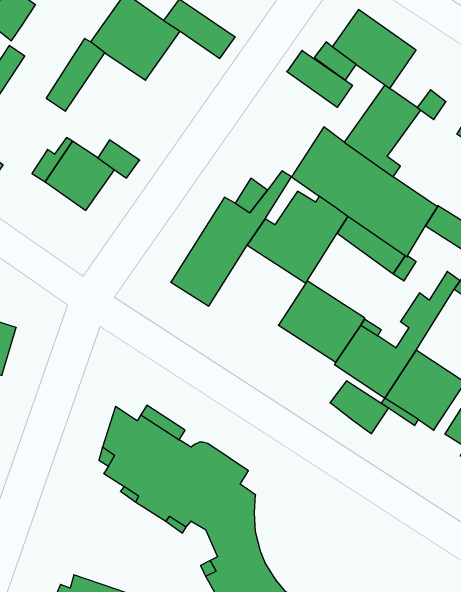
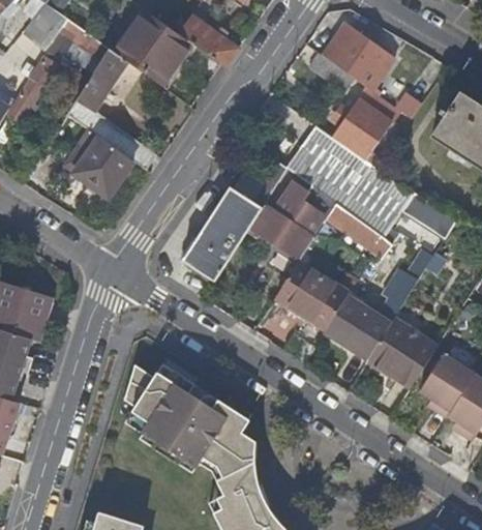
building: none -> [55,20,109,66]
building: [287,50,352,107] -> none
building: [330,381,389,434] -> none

